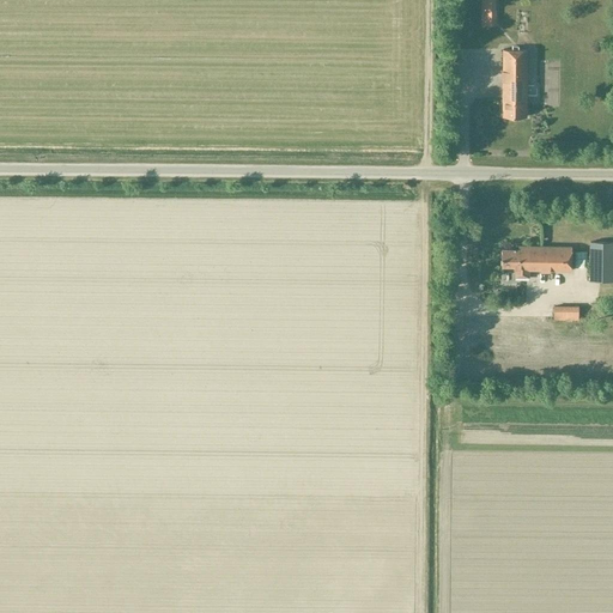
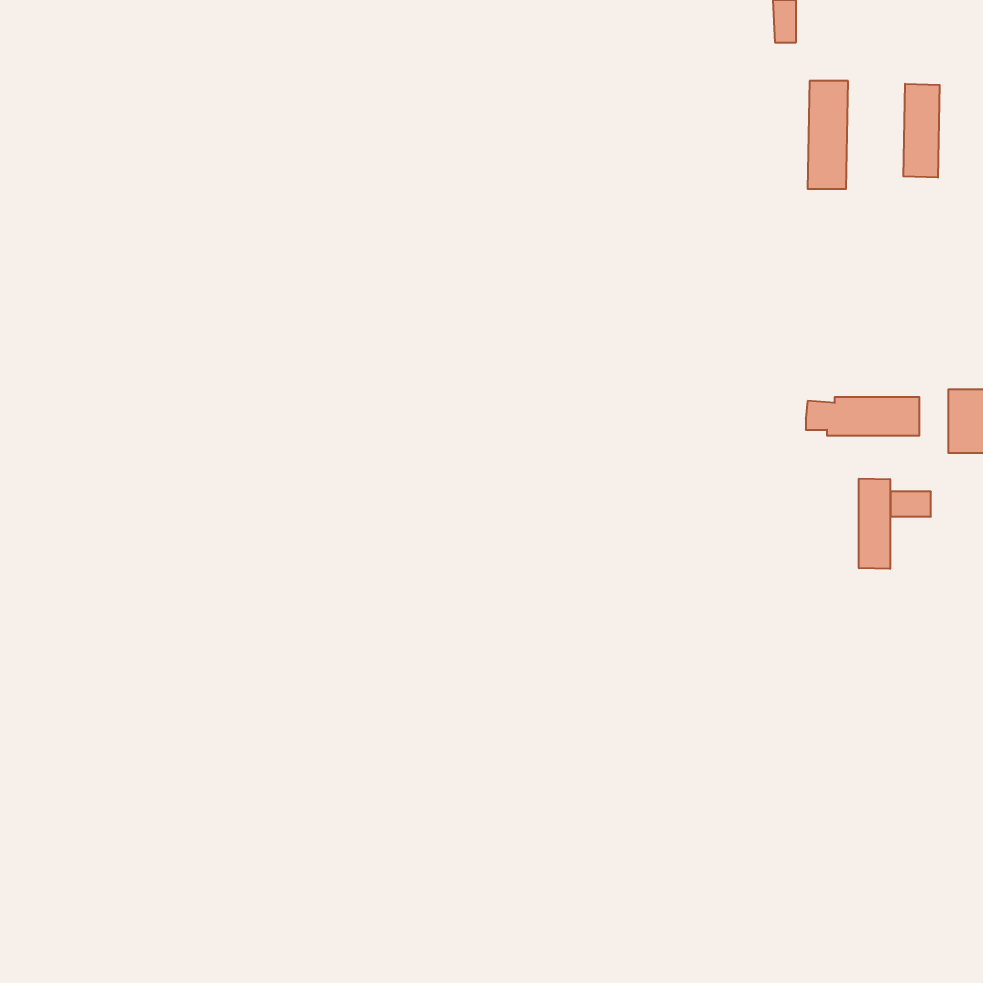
building: none -> [903,84,940,178]
building: none -> [859,479,890,569]

